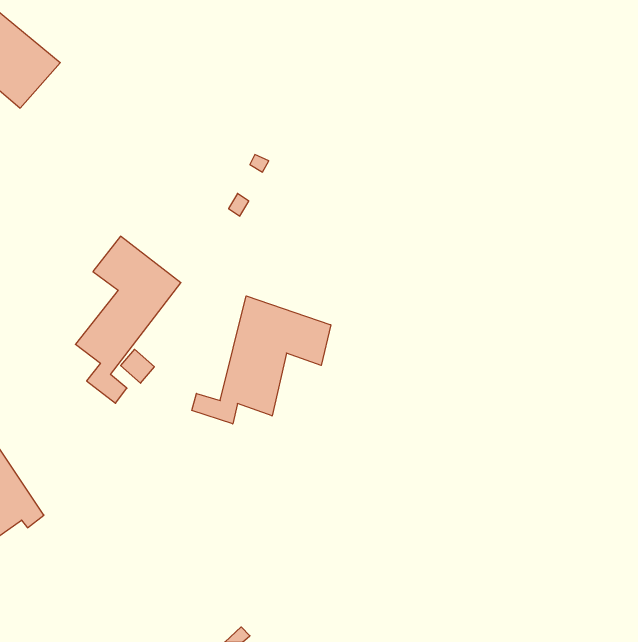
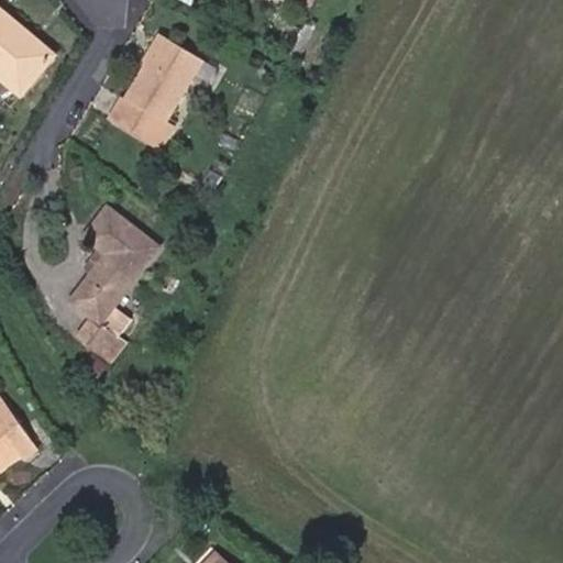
building: none -> [113,36,199,145]
building: [192,296,331,424] -> none

